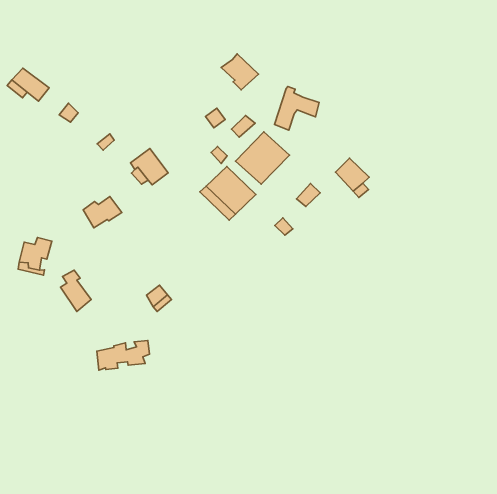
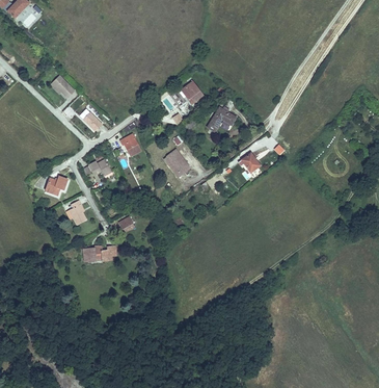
building: [236,132,289,184] -> none

